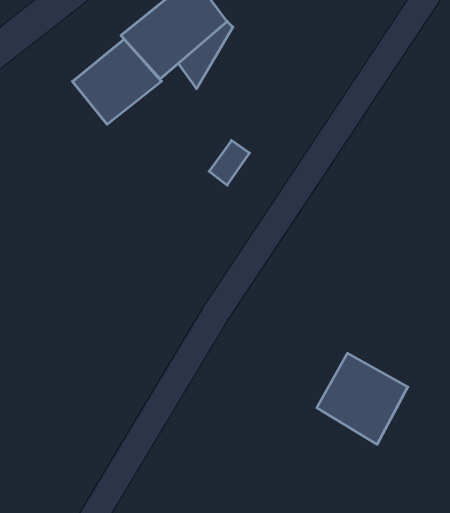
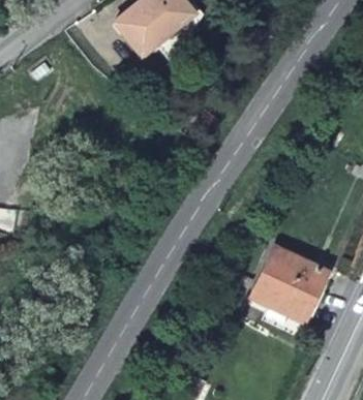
building: [72,39,162,124] -> none

